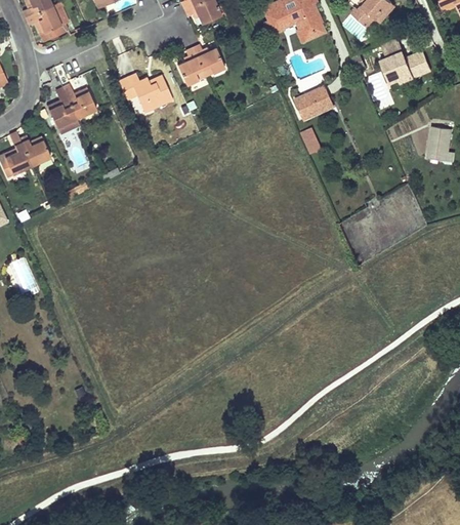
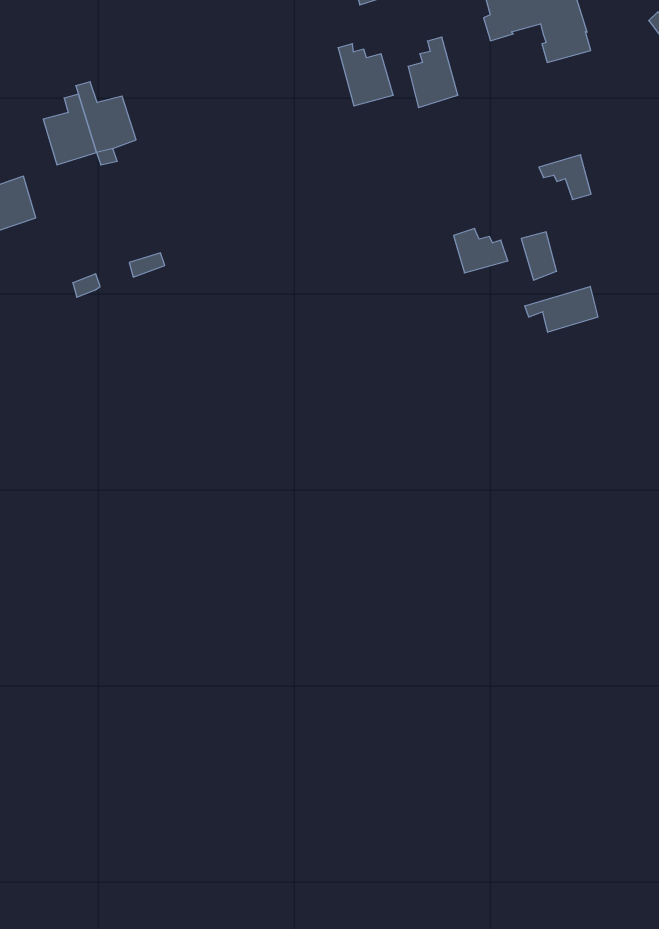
building: [177,47,205,85] -> [408,37,458,108]
building: [118,73,172,113] -> none
building: [294,94,324,118] -> [454,228,508,273]
building: none -> [525,286,598,332]

